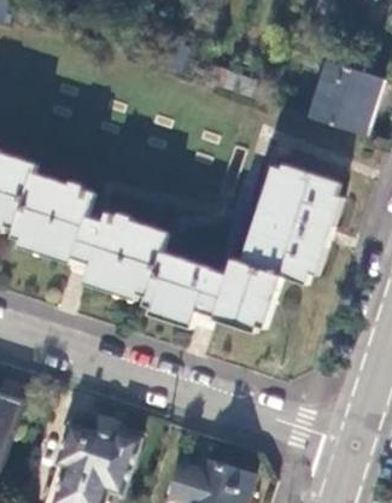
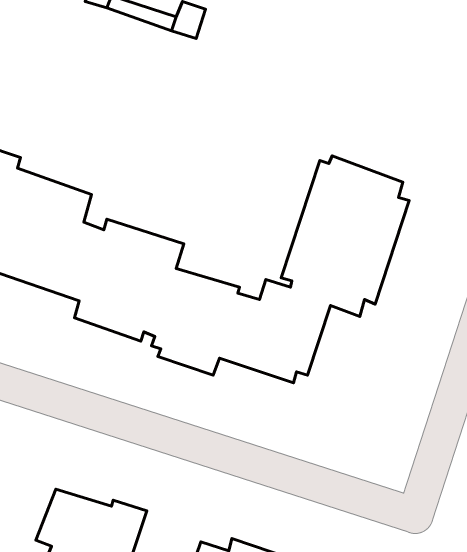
building: [308,57,381,131] -> none

